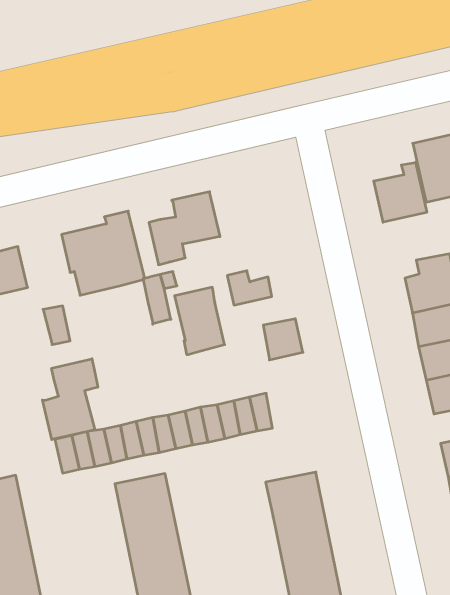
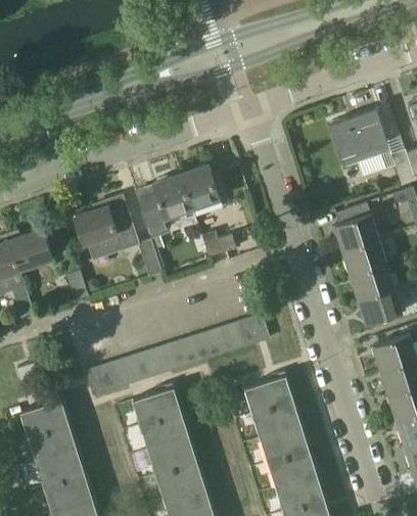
building: [374,162,427,222] -> none
building: [175,287,225,355] -> [182,166,223,218]
building: [263,319,303,360] -> [239,314,271,346]
building: [42,359,98,440] -> none

